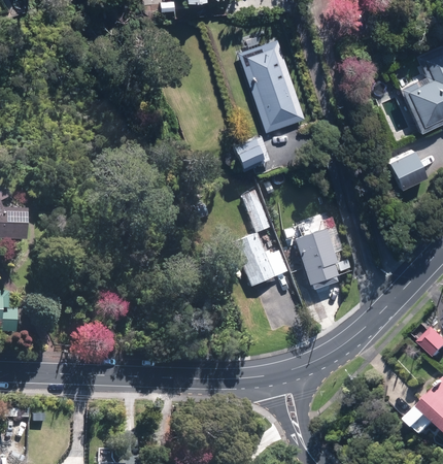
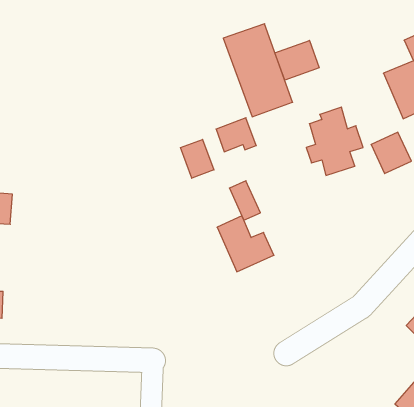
building: none -> [275,40,319,80]
building: none -> [180,139,214,178]
building: [291,222,347,290] -> [306,107,363,175]

